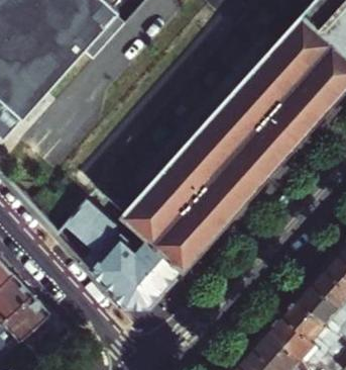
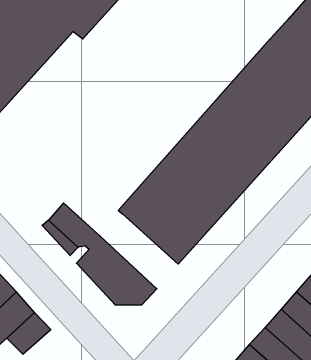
building: [78,198,186,292] -> none

